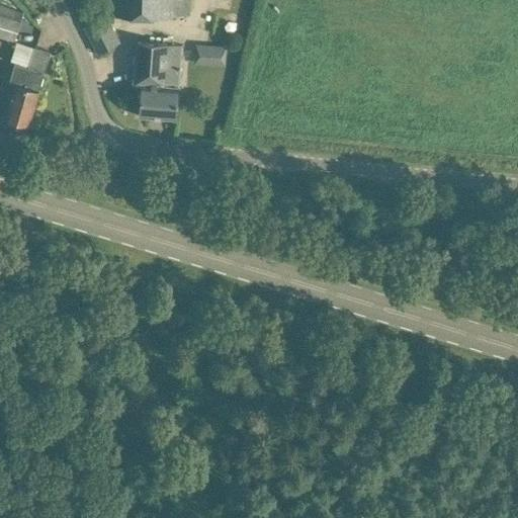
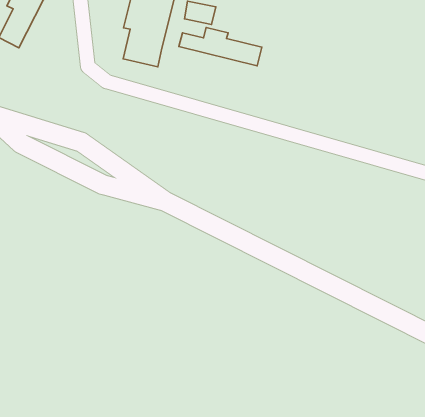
building: none -> [179,27,262,66]

